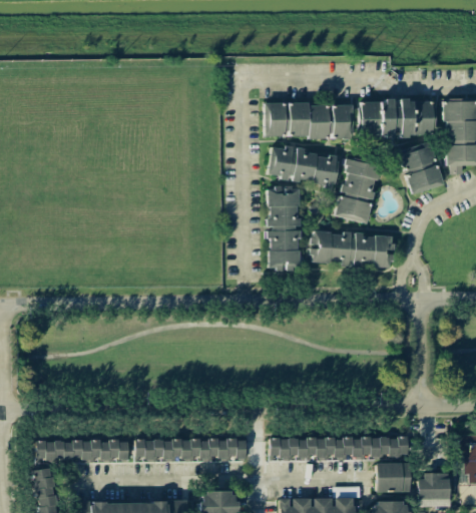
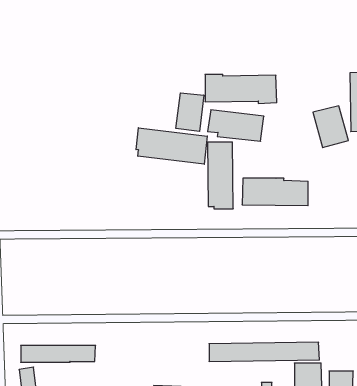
building: [360,100,435,136] -> none
building: none -> [176,93,204,131]
building: [336,159,380,223] -> none
building: none -> [136,128,207,164]
building: [135,439,246,462] -> none

